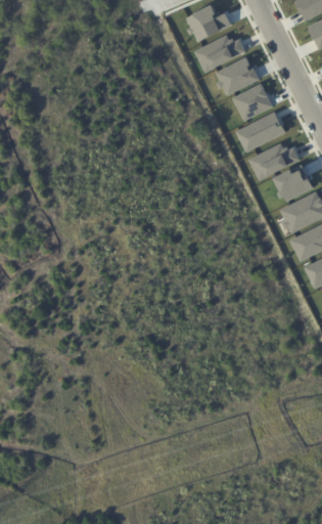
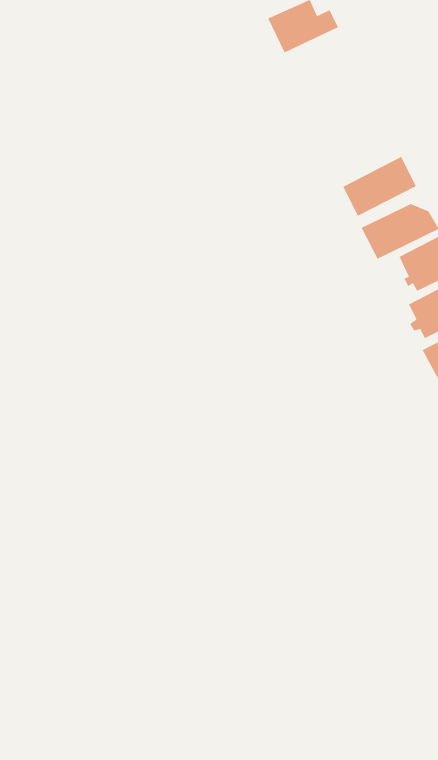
building: [196,35,246,70] -> none
building: [217,56,260,94] -> none
building: [234,83,275,121] -> none

